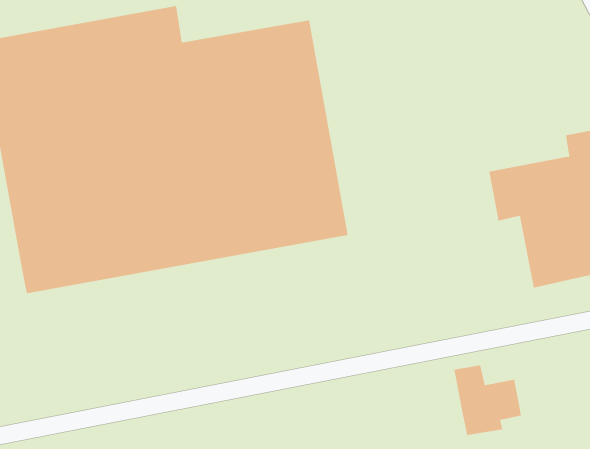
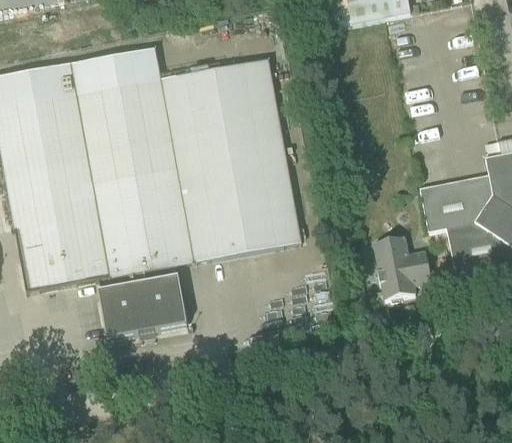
building: none -> [98,275,186,338]
building: [454,365,522,436] -> [373,237,431,297]

